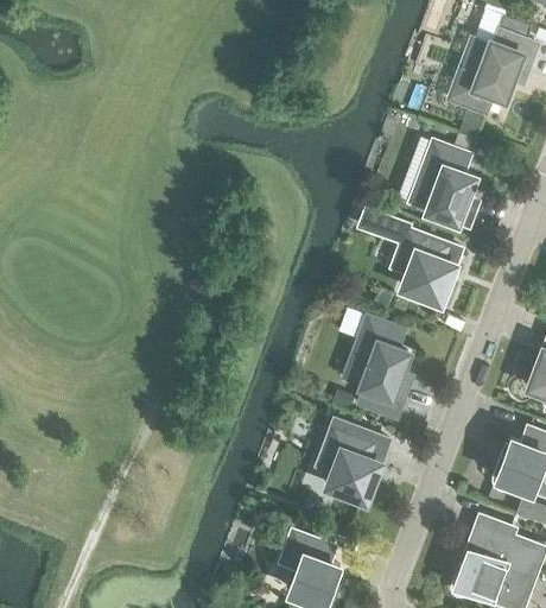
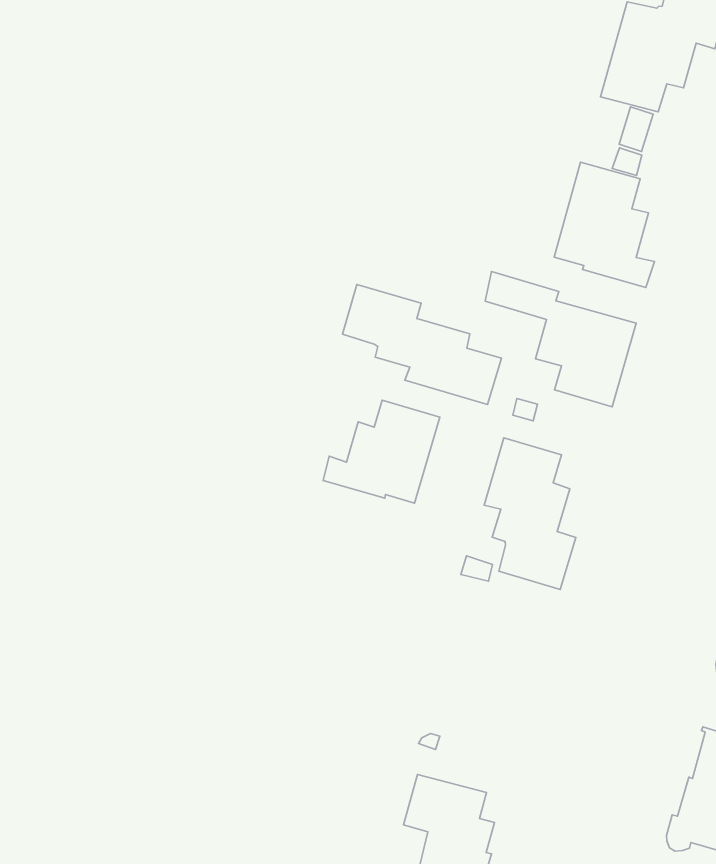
building: none -> [342,284,501,404]
building: none -> [323,400,440,503]
building: [317,420,379,501] -> none

